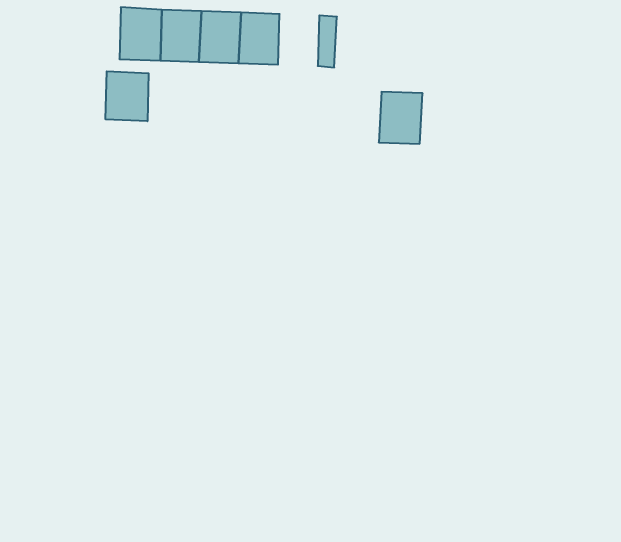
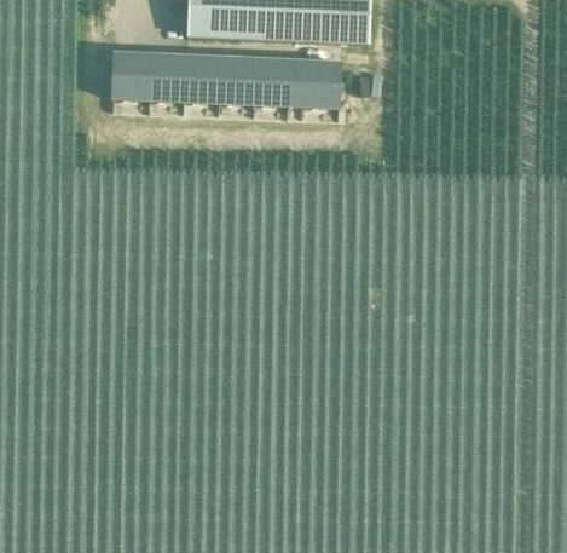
building: none -> [251,57,288,103]
building: [106,71,149,121] -> none
building: [379,92,423,144] -> [301,59,340,105]

